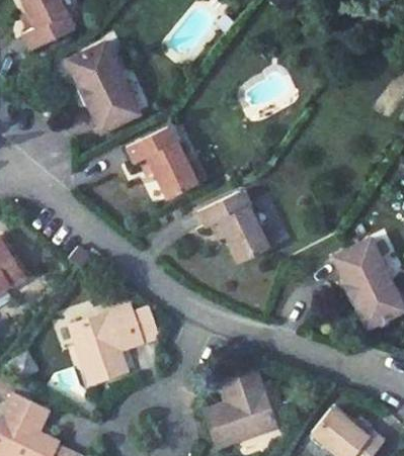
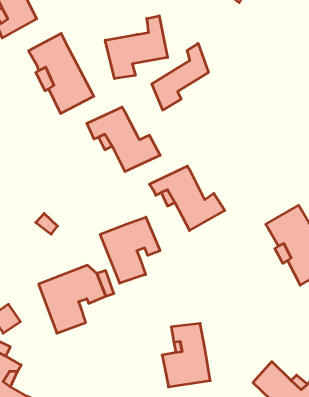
building: none -> [105,16,168,79]
building: none -> [152,43,208,110]
building: none -> [100,217,160,283]

